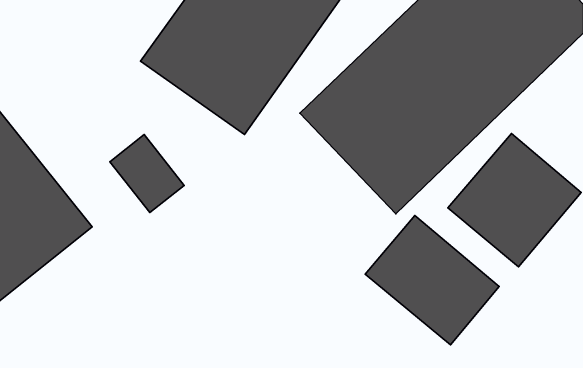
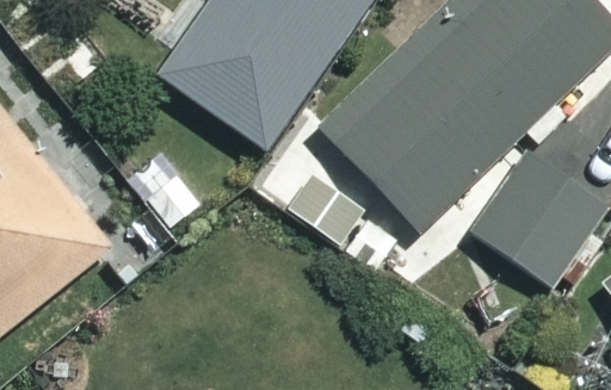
building: [365,216,499,345] -> none

